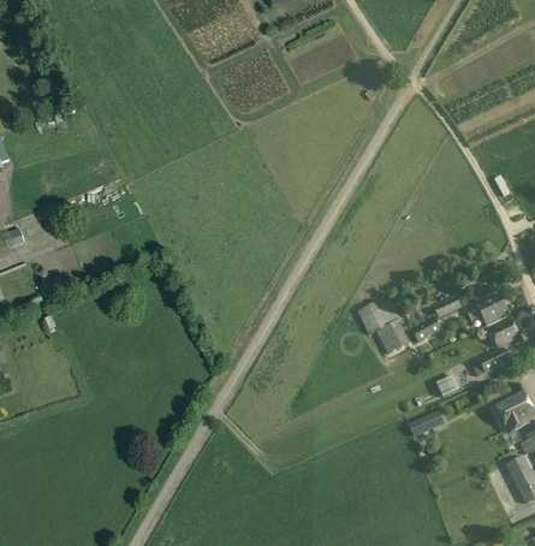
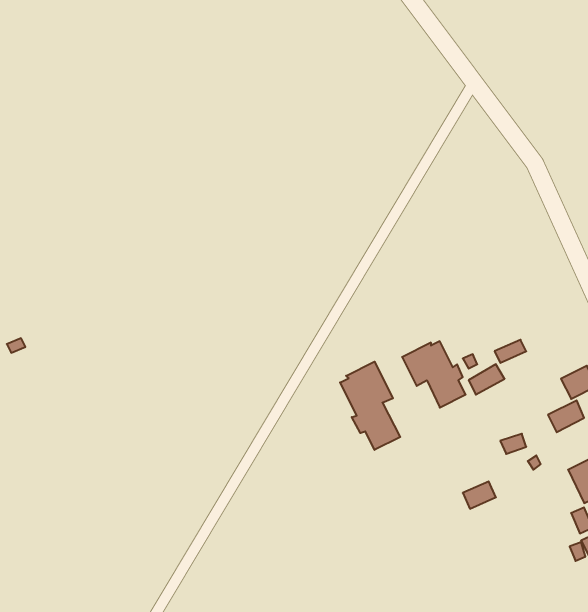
building: [468,295,506,325] -> none
building: none -> [340,362,400,450]

